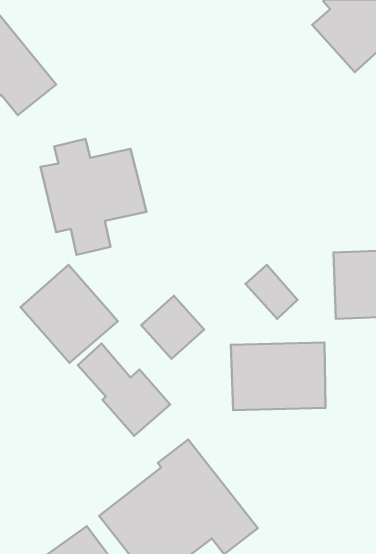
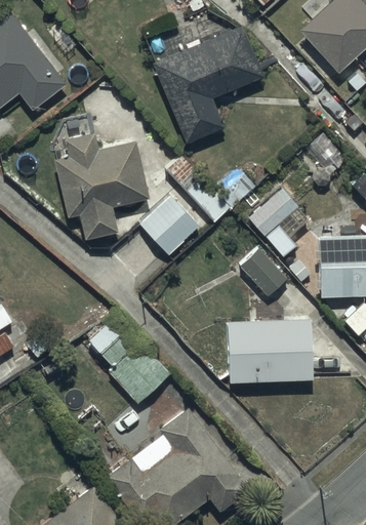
building: none -> [151,25,263,143]
building: none -> [248,190,297,258]
building: [21,265,118,363] -> none
building: [141,296,204,359] -> [140,198,198,255]

